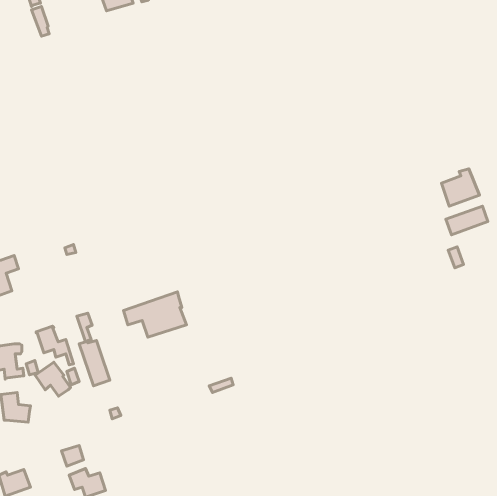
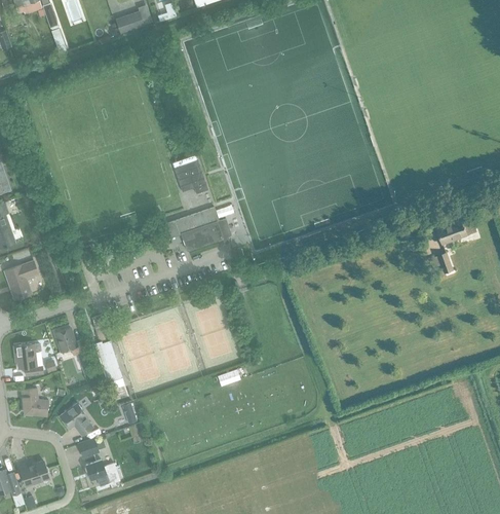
building: none -> [172,166,206,199]
building: [441,169,479,206] -> none
building: [124,292,186,337] -> [164,207,223,249]
building: [35,362,70,396] -> [60,402,92,434]

